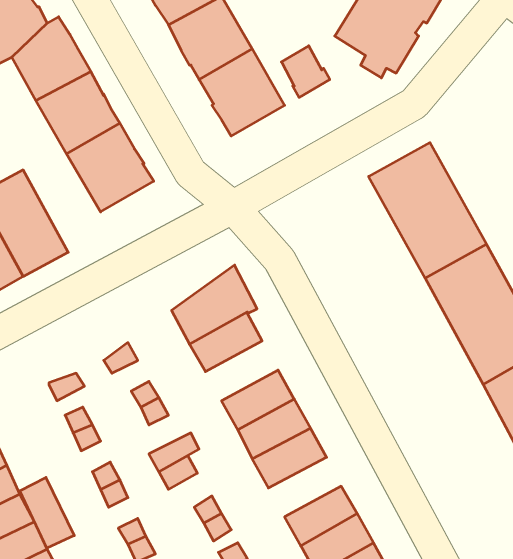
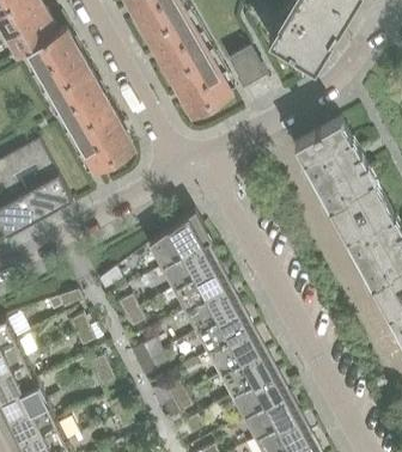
building: none -> [173,269,227,313]
building: none -> [220,355,274,399]
building: [20,477,74,548] -> none

